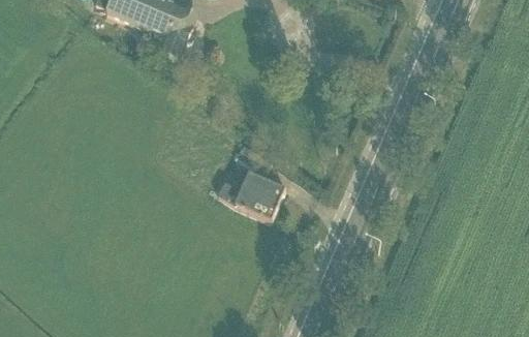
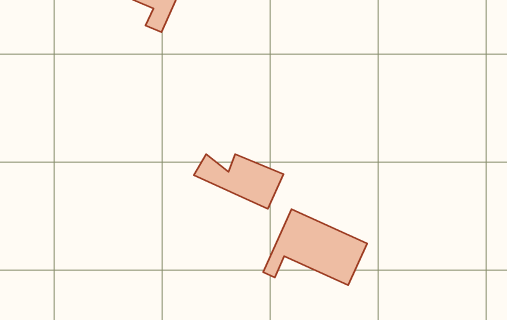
building: none -> [263,209,367,285]

